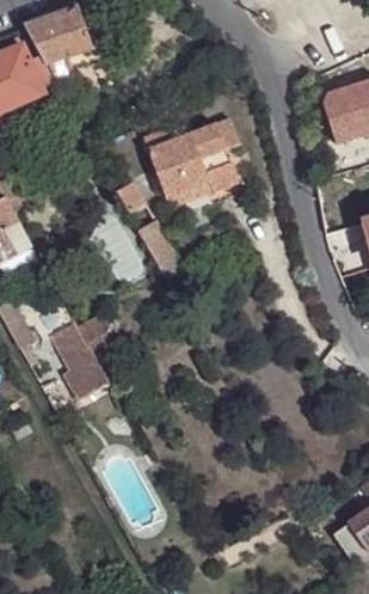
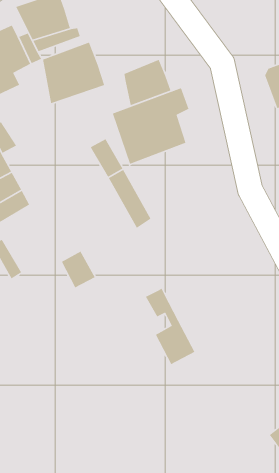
building: none -> [42,42,105,104]
building: none -> [123,59,172,106]
building: [55,319,116,412] -> [145,287,196,365]

